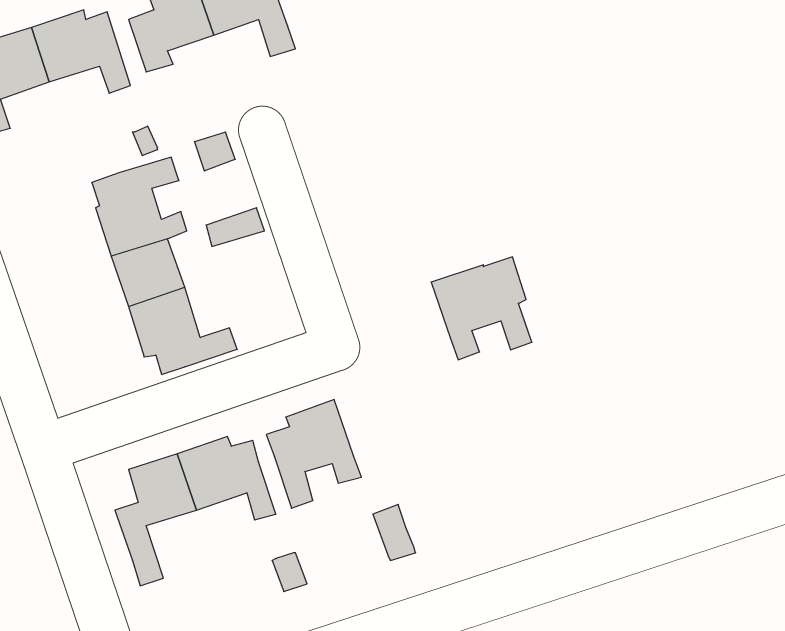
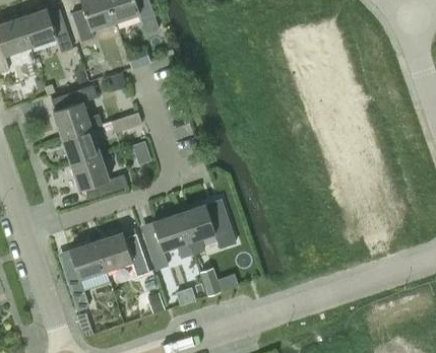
building: [431,257,532,360] -> [179,200,232,254]

